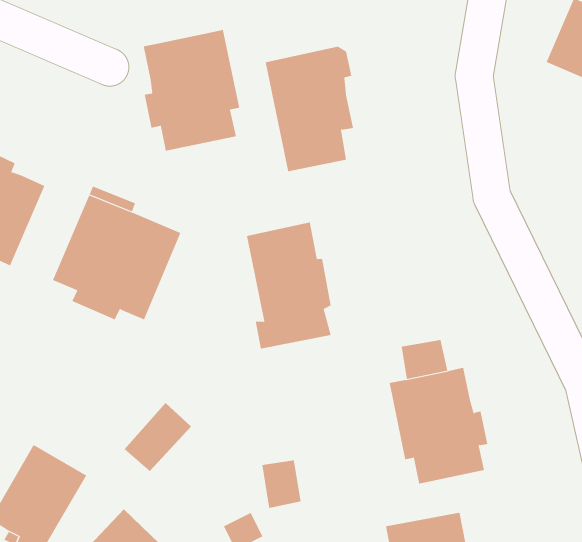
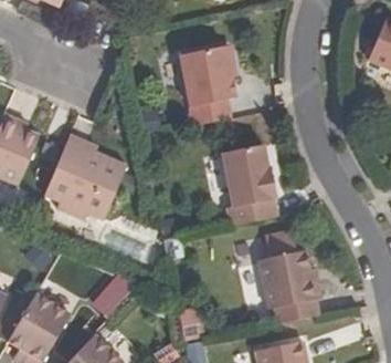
building: [143,29,240,152] -> none
building: [246,222,332,349] -> [222,144,276,225]

